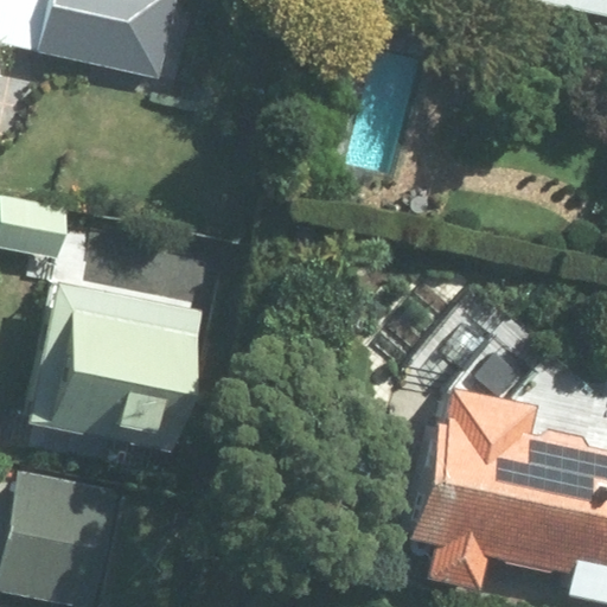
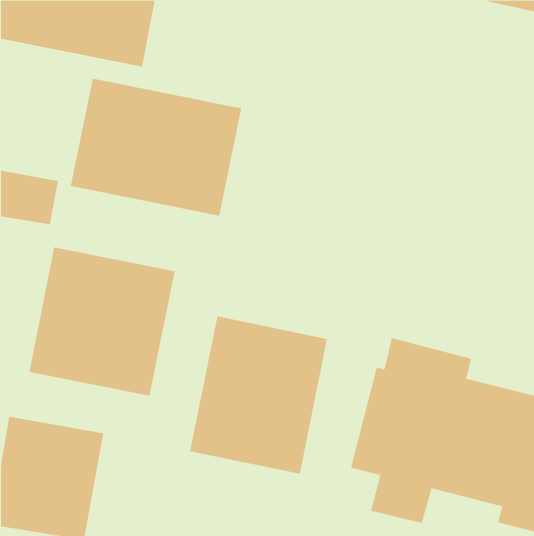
building: none -> [70,78,242,217]
building: none -> [190,316,328,474]

